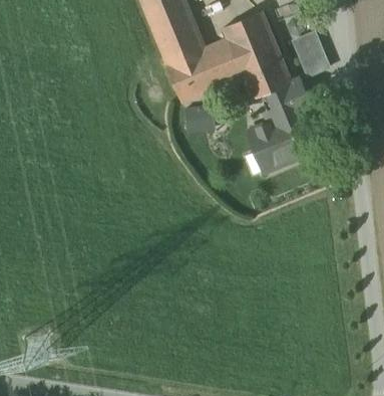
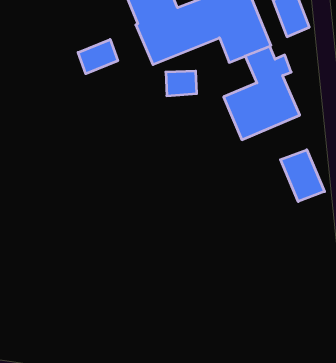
building: none -> [78,39,118,74]
building: none -> [280,150,325,202]

